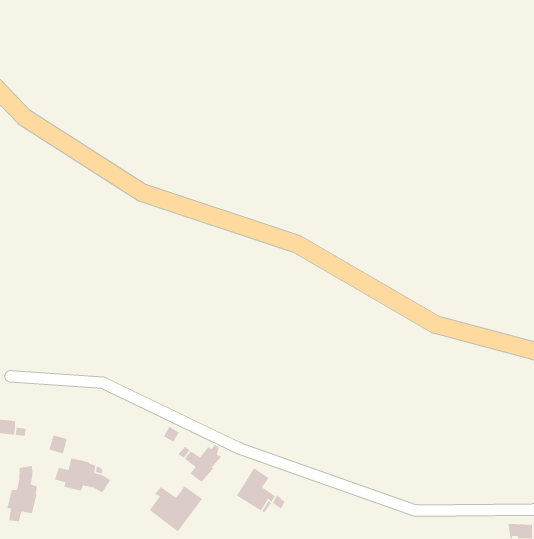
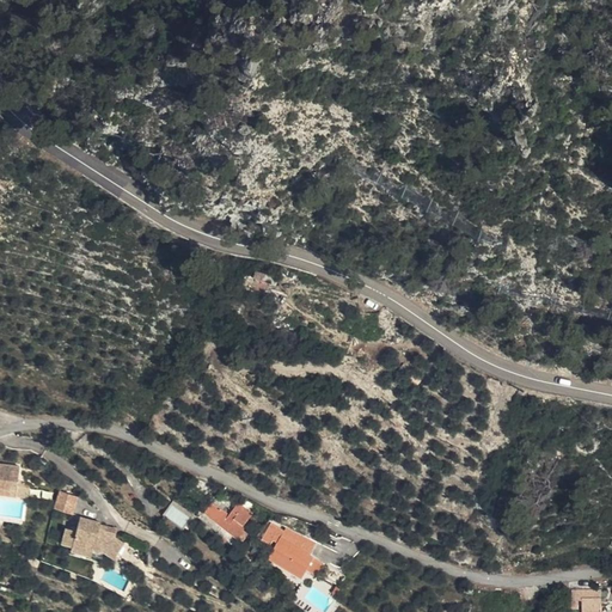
building: [7,465,38,522] -> none
building: [149,485,203,532] -> none

